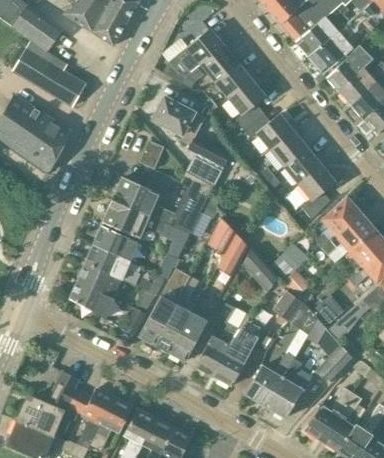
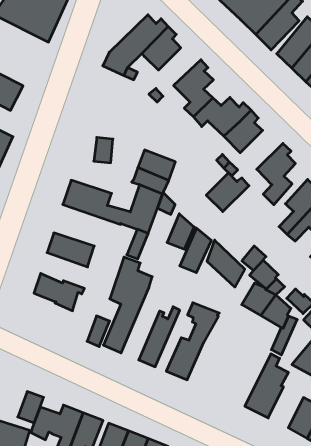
building: [214,63,255,98] -> none
building: [153,98,205,155] -> none
building: [284,148,325,184] -> [206,173,249,212]
building: [102,200,165,239] -> none
building: [85,244,140,286] -> none
building: [69,281,112,319] -> none
building: [154,286,196,353] -> none
building: [214,319,262,387] -> none
building: [246,354,295,406] -> none

